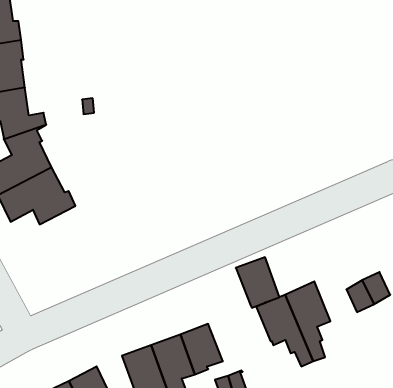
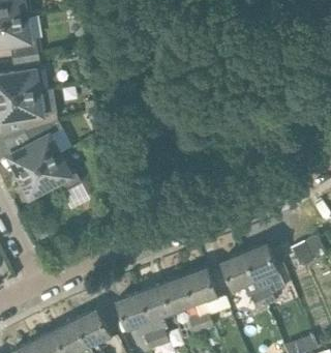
building: [236,257,280,308] -> [184,267,218,306]

